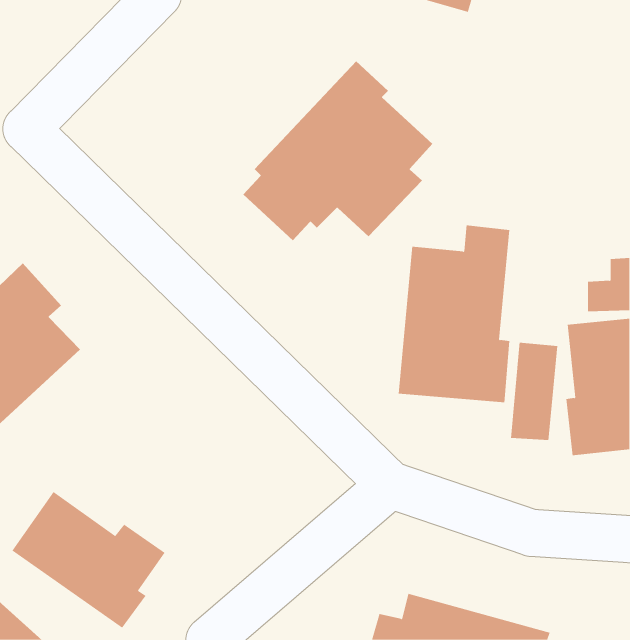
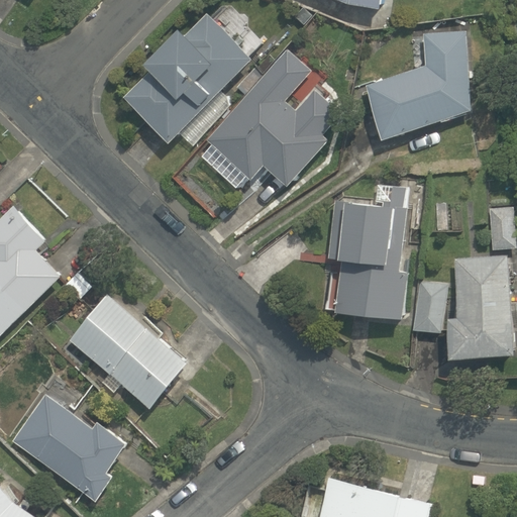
building: none -> [121,13,249,144]
building: none -> [368,35,476,143]
building: none -> [65,293,194,412]

